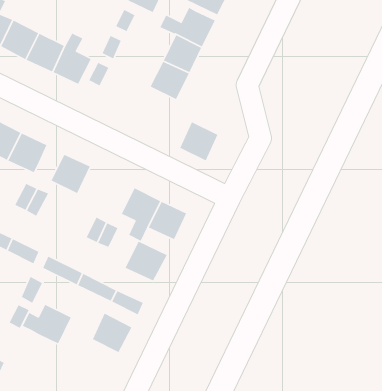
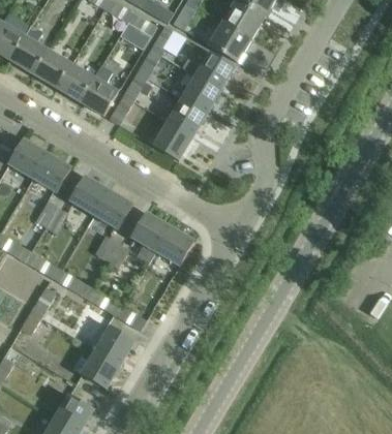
building: [179,121,219,162] -> [154,122,191,160]
building: none -> [93,190,131,232]
building: [125,240,168,282] -> none
building: [22,304,72,344] -> [72,349,119,388]

